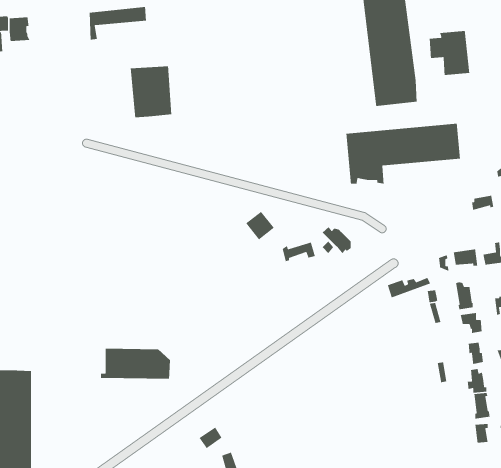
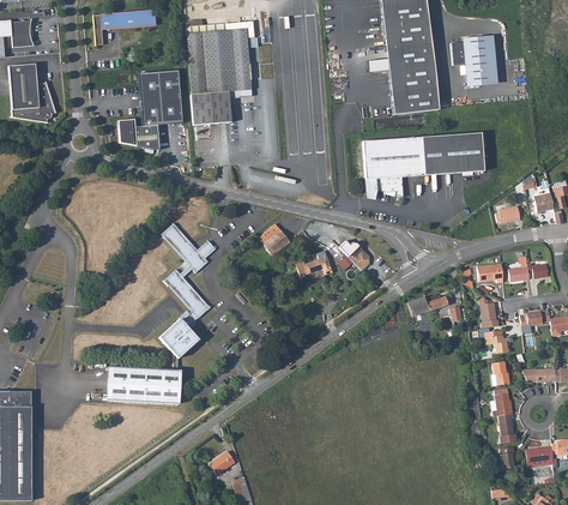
building: none -> [187,20,254,125]
building: none -> [7,61,54,120]
building: none -> [119,120,159,150]
building: none -> [161,222,216,380]

